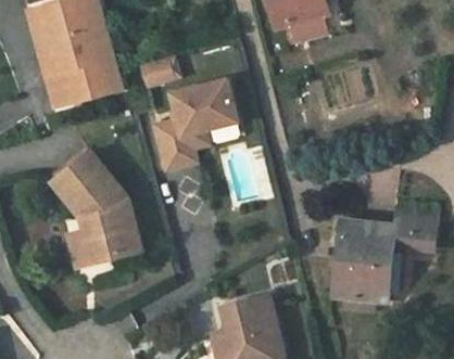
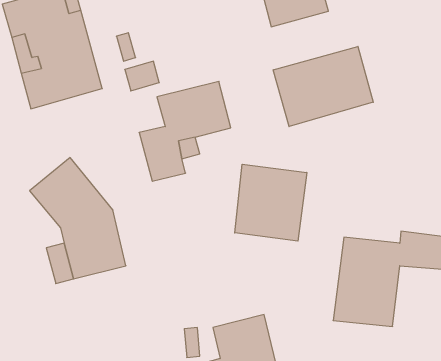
building: none -> [273,46,373,127]
building: none -> [235,164,307,241]

